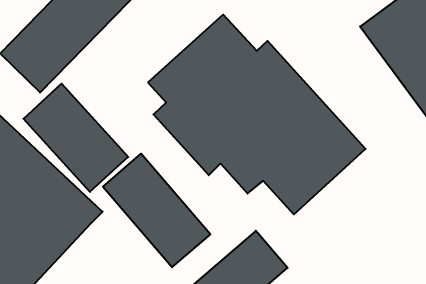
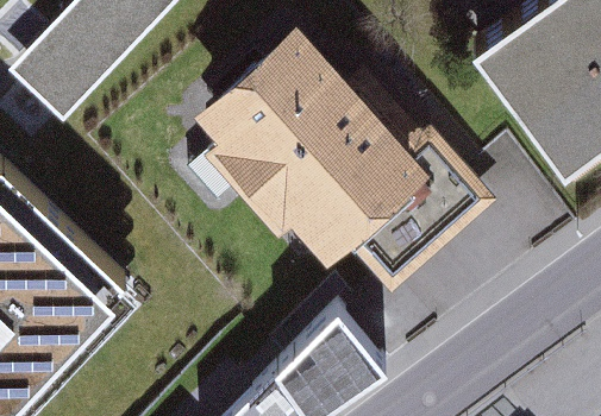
building: [23,84,128,192] -> none
building: [103,154,210,267] -> none

